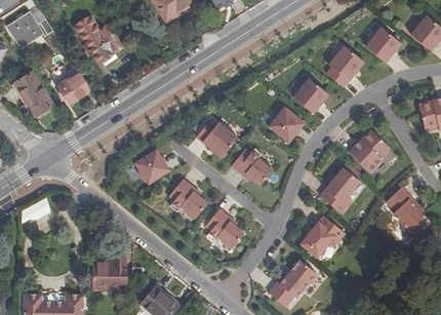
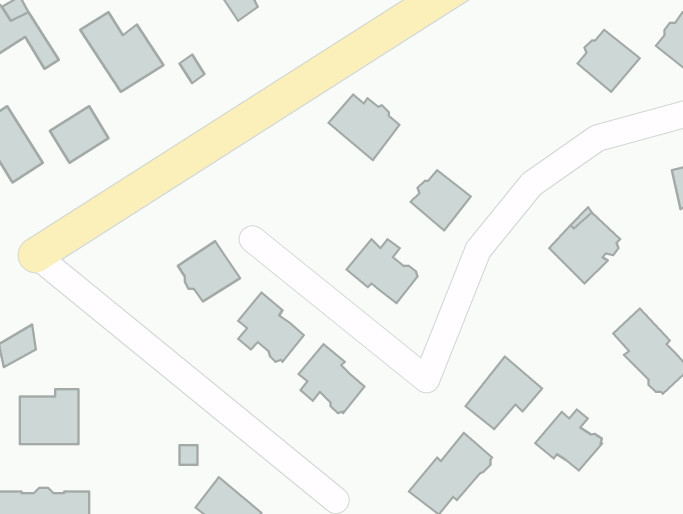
building: [322,43,364,86] -> none
building: [291,79,326,114] -> none
building: [194,120,235,158] -> [328,95,399,160]
building: [318,168,357,214] -> none
building: none -> [535,409,602,470]
building: [93,257,127,288] -> [20,389,78,444]

